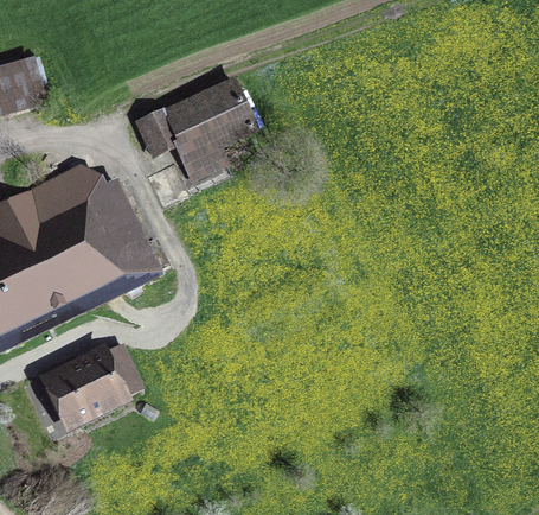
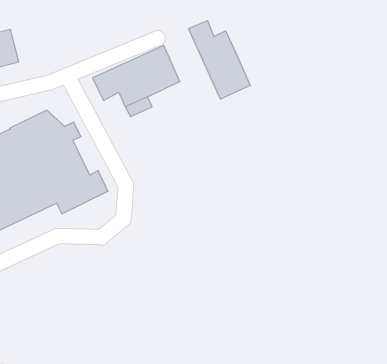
building: none -> [188,20,250,99]
building: [46,344,140,421] -> none

